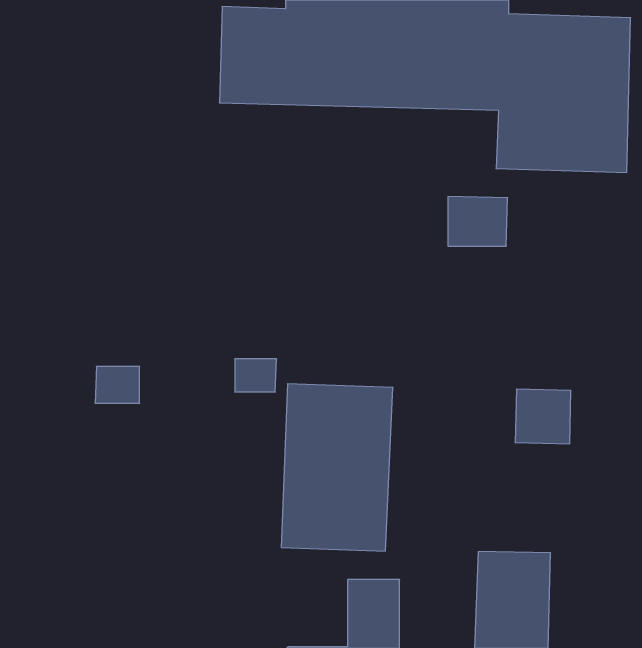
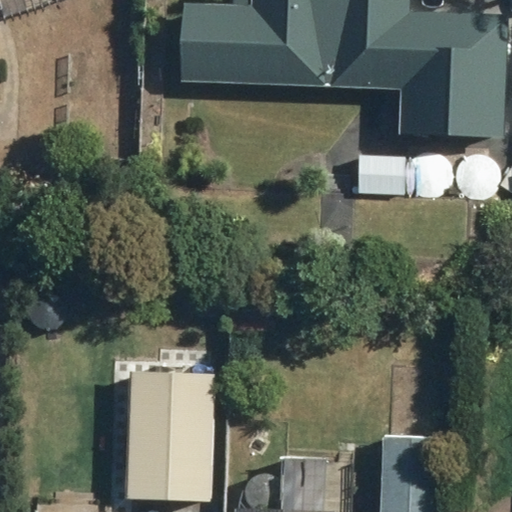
building: [281,384,393,551] -> [134,370,222,502]

